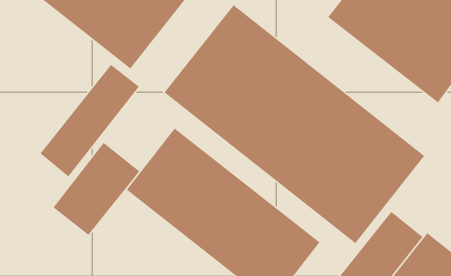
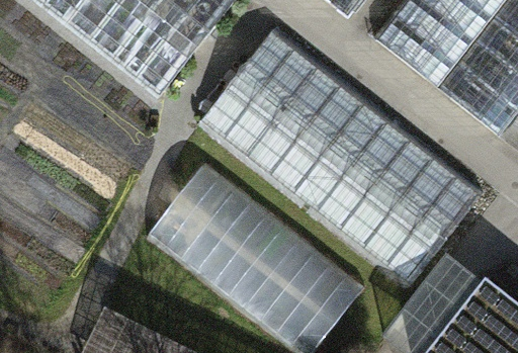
building: [39,64,140,177] -> none
building: [52,142,140,236] -> none

